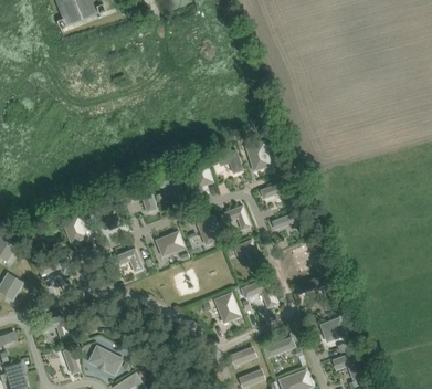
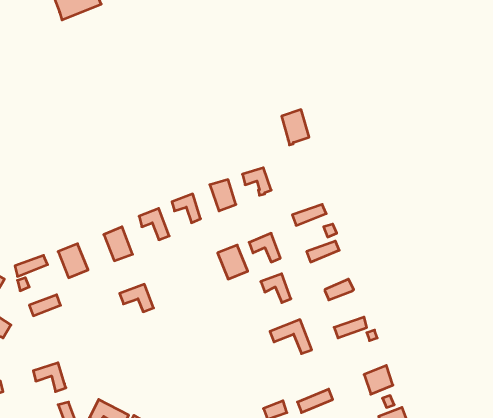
building: [246,141,270,171] -> [282,110,309,145]
building: [155,231,185,256] -> none
building: [214,293,240,324] -> none

